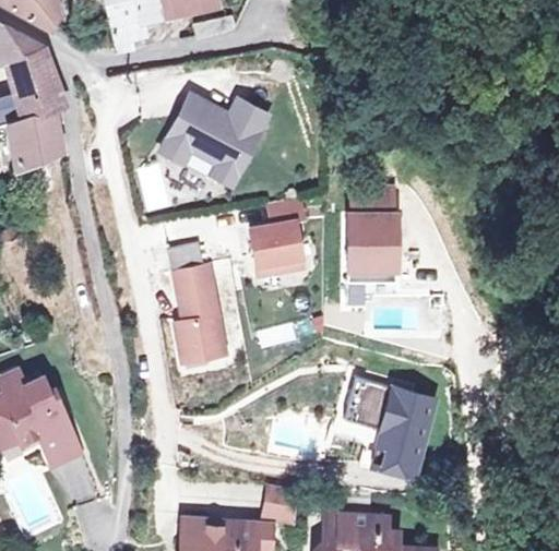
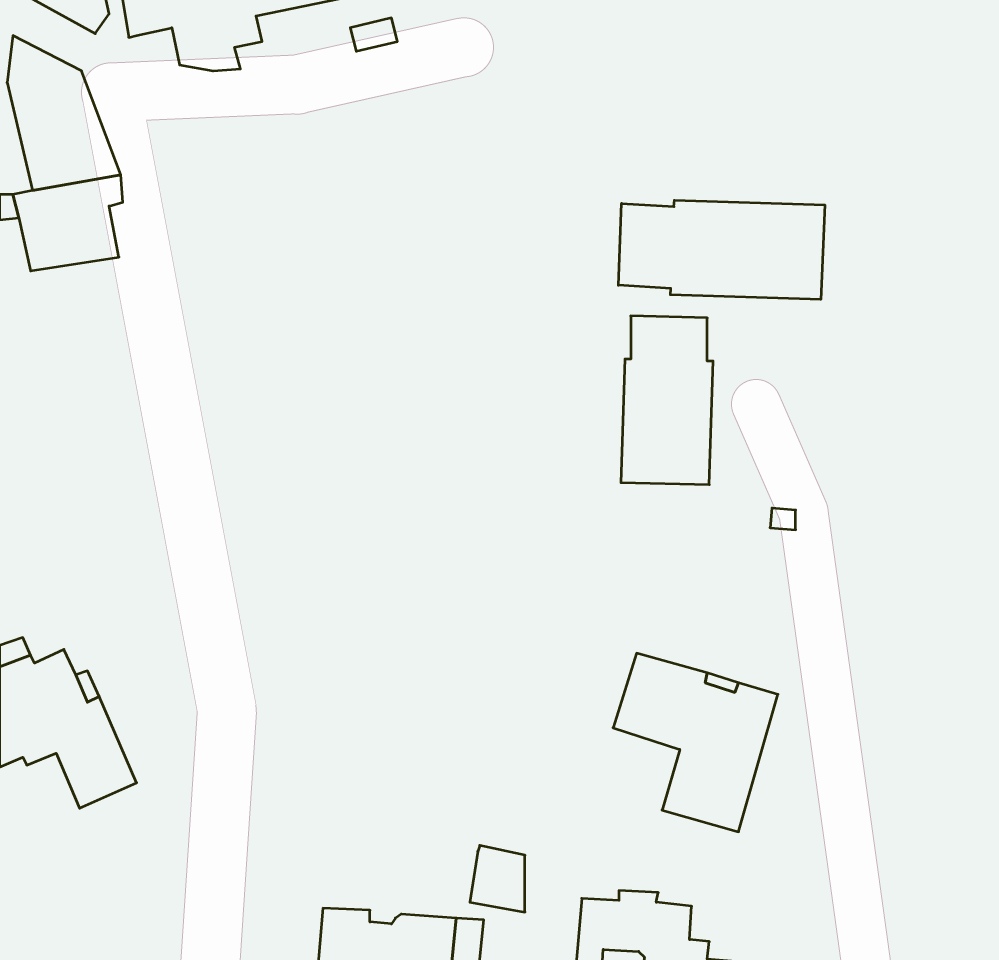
building: [164,94,271,184] -> none
building: none -> [618,200,825,299]
building: [251,196,305,274] -> none
building: [169,242,226,360] -> none

